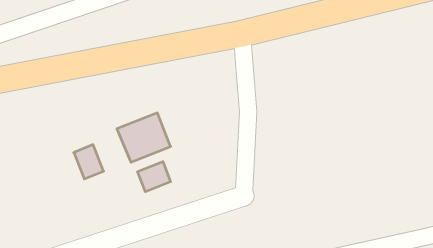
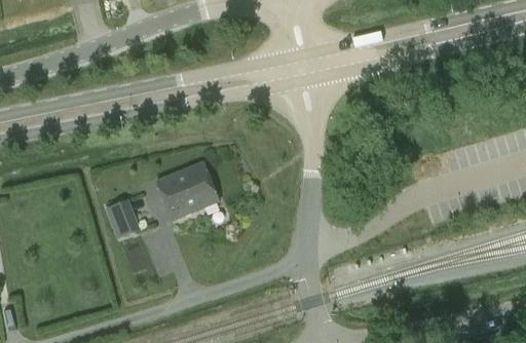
building: [138,162,171,192] -> none

